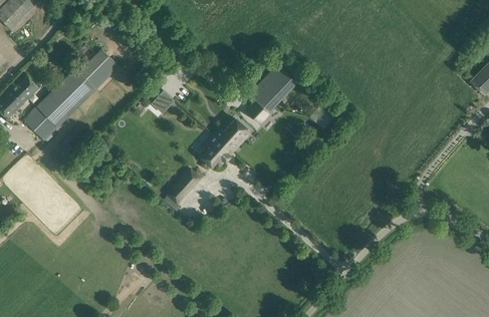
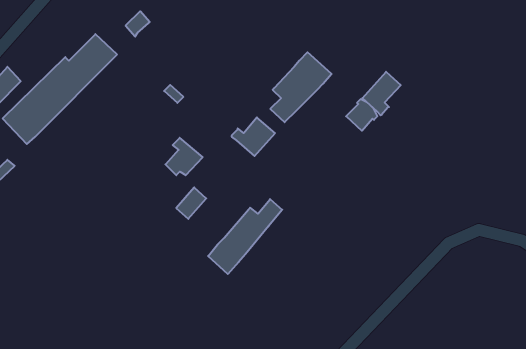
building: none -> [362,72,401,115]
building: [202,134,233,166] -> [165,138,203,175]
building: none -> [208,199,282,274]

